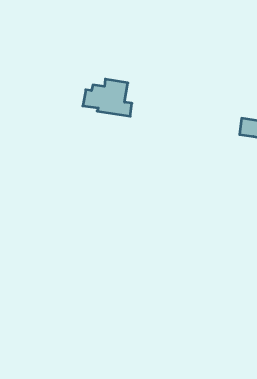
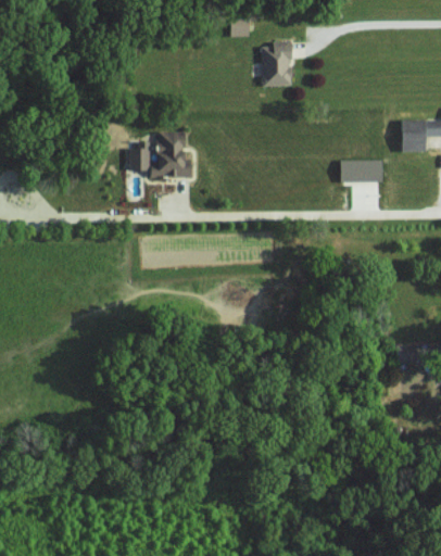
building: none -> [262,41,291,86]

